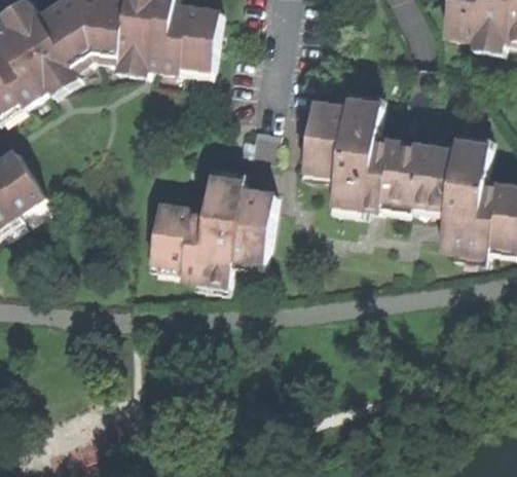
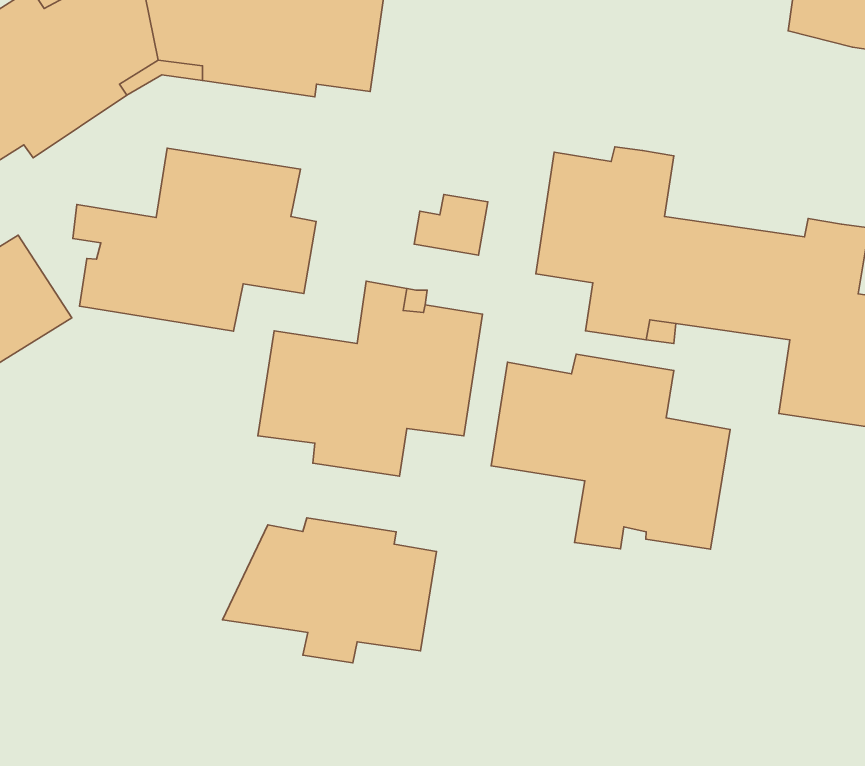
building: none -> [73,148,316,331]
building: none -> [491,354,730,549]
building: none -> [222,518,437,663]

